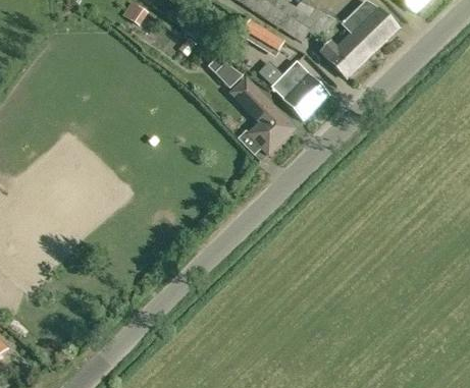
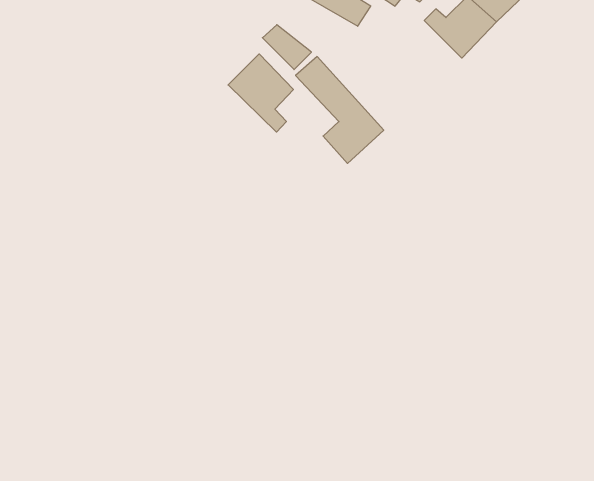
building: [270,61,328,119] -> none
building: none -> [228,54,293,132]

